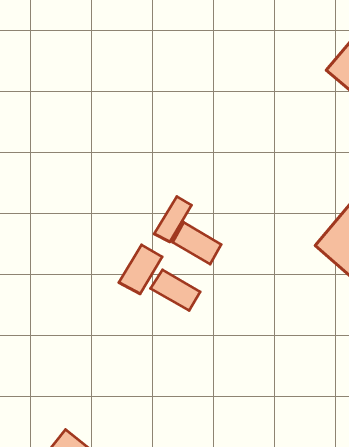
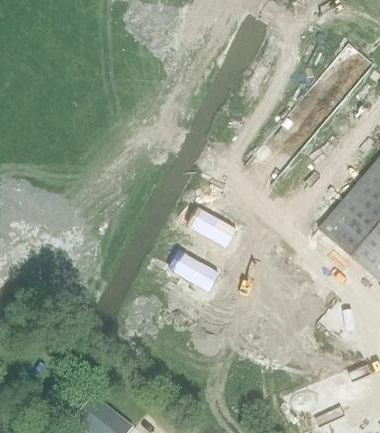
building: [154,196,192,242] -> none
building: [119,245,162,294] -> none

